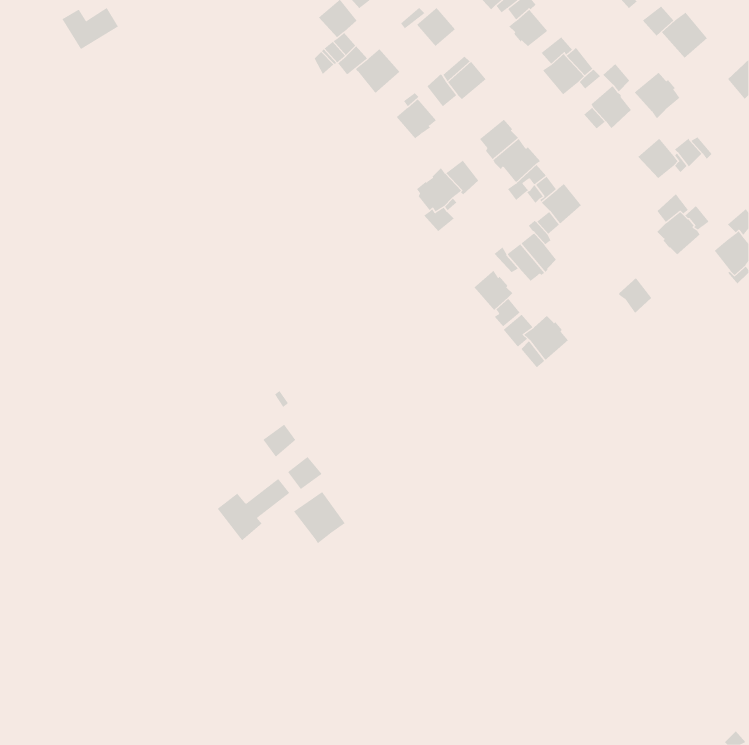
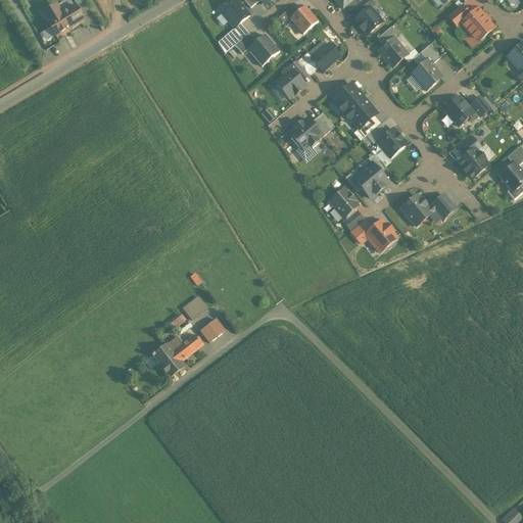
building: [634,72,680,119] -> none
building: none -> [400,194,435,225]
building: [293,491,345,544] -> none

